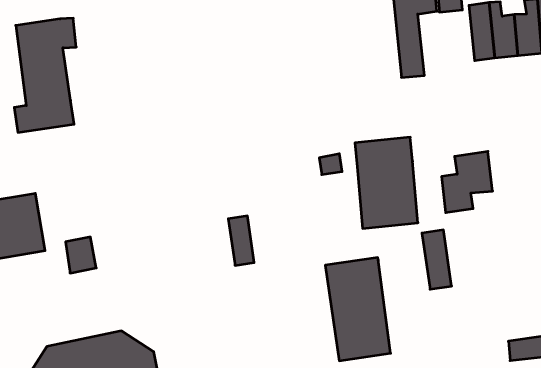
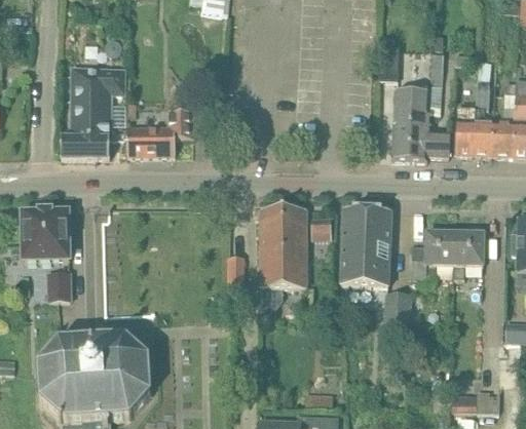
building: none -> [411,107,451,159]
building: none -> [126,110,194,155]
building: none -> [453,231,484,278]
building: [66,237,96,273] -> [48,272,71,300]
building: [325,258,391,361] -> [261,205,306,287]

